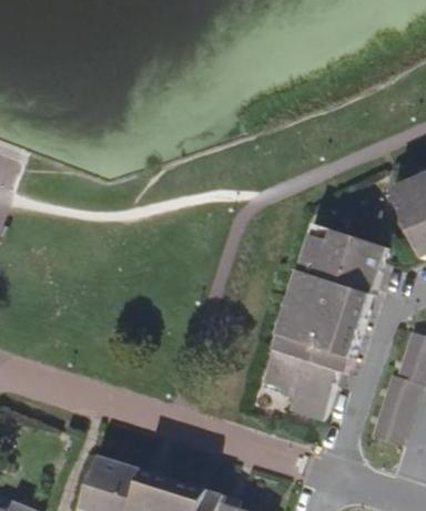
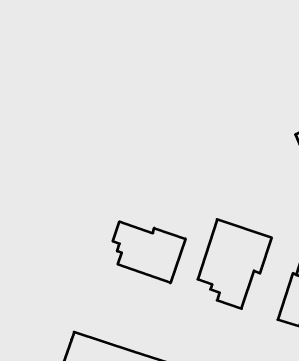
building: [288,224,386,327] -> none
building: none -> [113,222,185,283]

